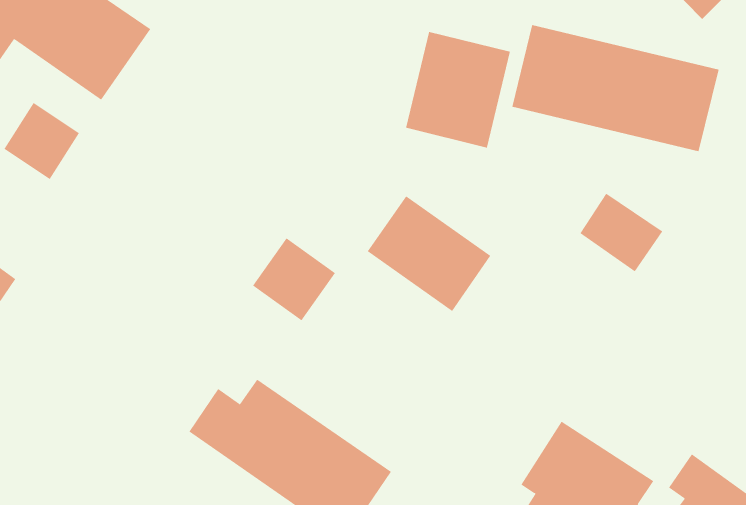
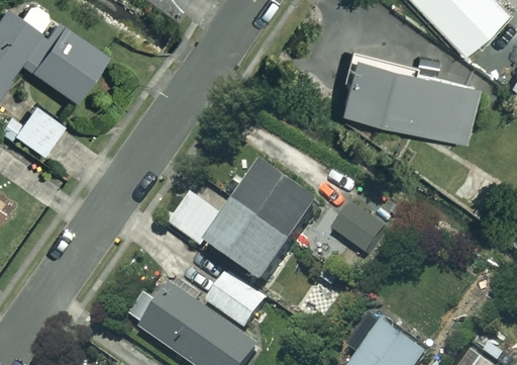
building: [406,31,510,148] -> none
building: [579,193,663,272] -> [330,200,385,252]
building: none -> [210,199,297,283]
building: none -> [205,270,264,325]

